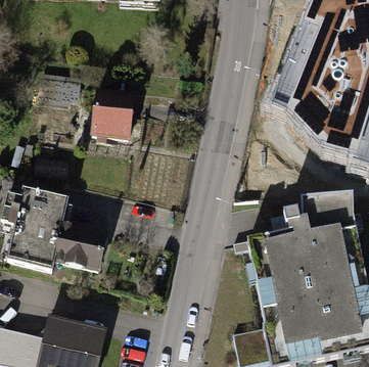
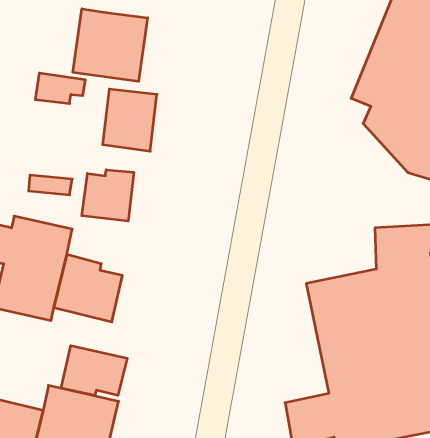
building: none -> [73,9,148,81]
building: none -> [82,170,134,221]
building: none -> [61,346,127,395]

